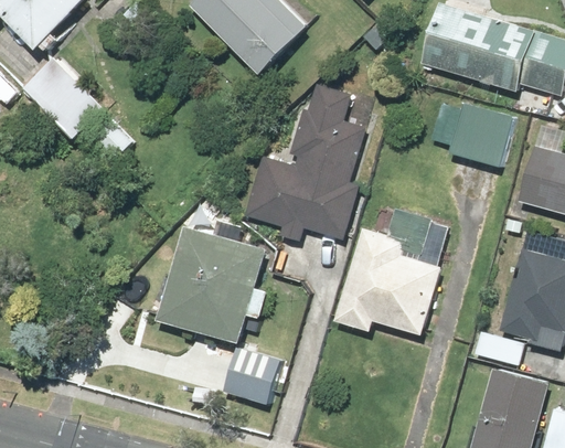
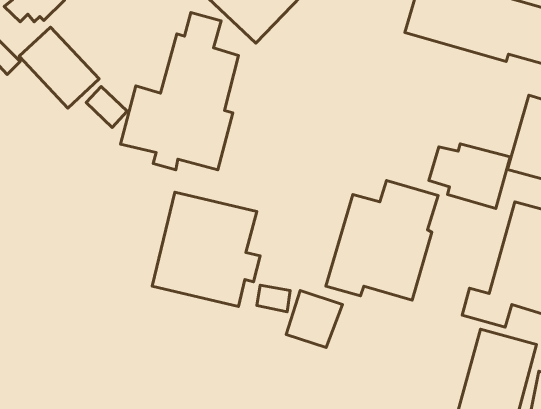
building: [245,82,365,243] -> [121,12,238,170]
building: [430,102,513,168] -> [429,144,510,208]
building: [224,348,281,406] -> [286,290,342,348]

